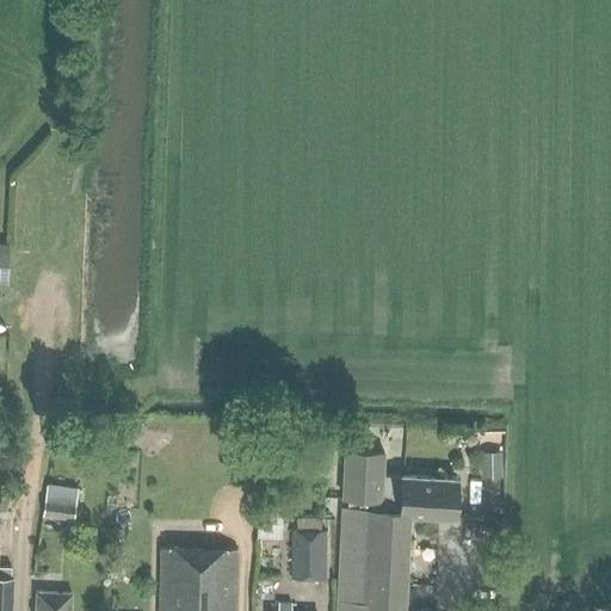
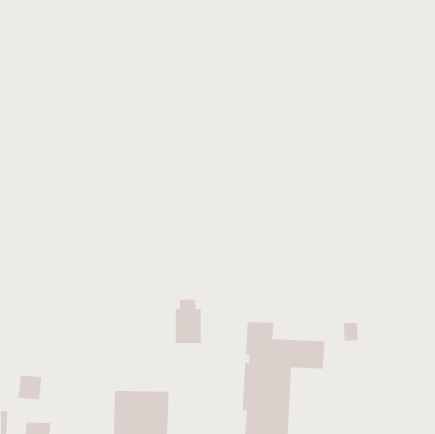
building: [44,486,79,521] -> [18,375,42,400]
building: [292,519,329,581] -> [175,299,201,343]

